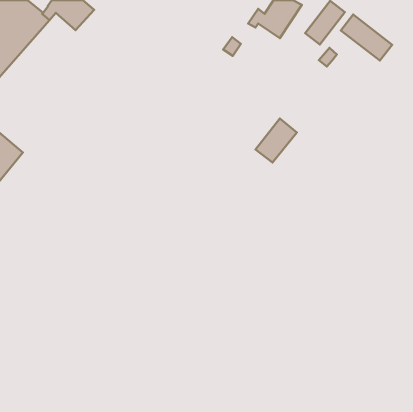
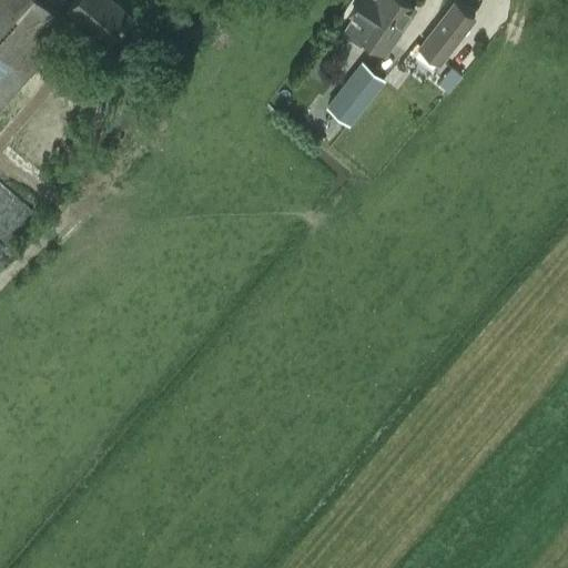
building: [341,14,392,61] -> none
building: [255,119,297,162] -> [325,63,382,123]

